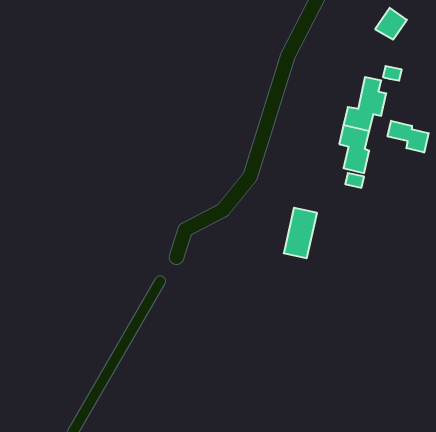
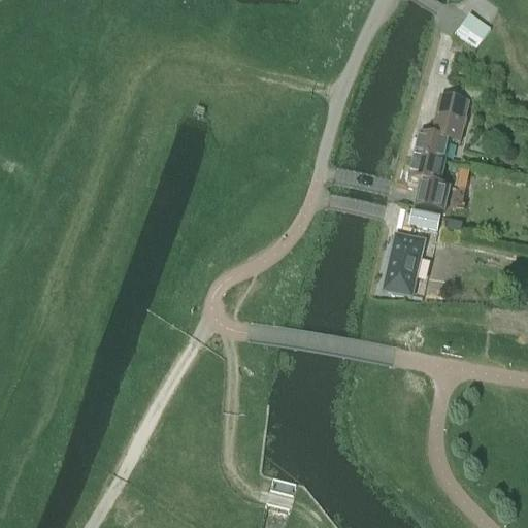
building: [388,121,429,153] -> none
building: [284,208,317,258] -> [385,232,425,293]

